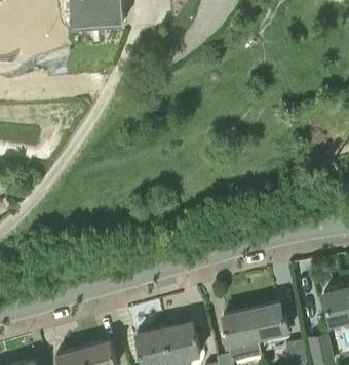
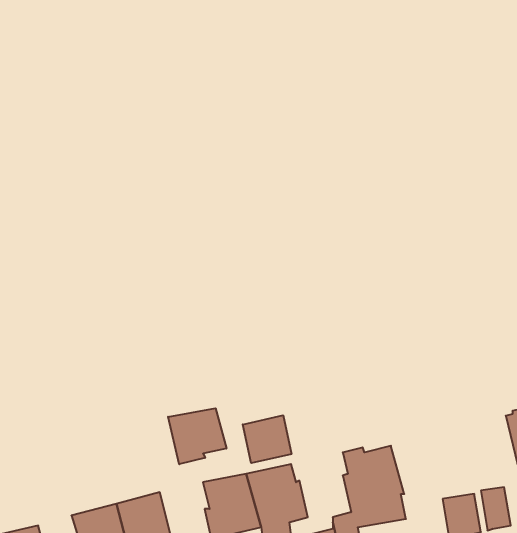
building: none -> [168,408,226,464]
building: none -> [243,415,291,463]
building: [253,302,289,340] -> none

